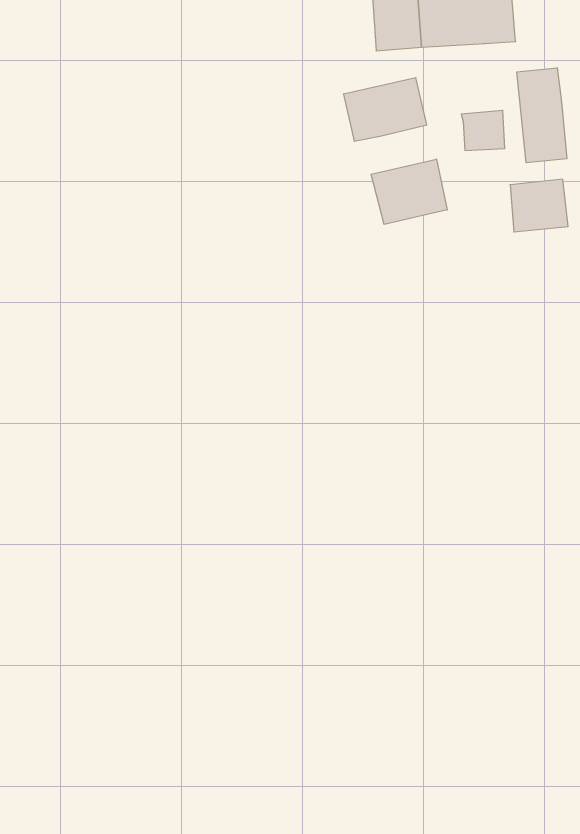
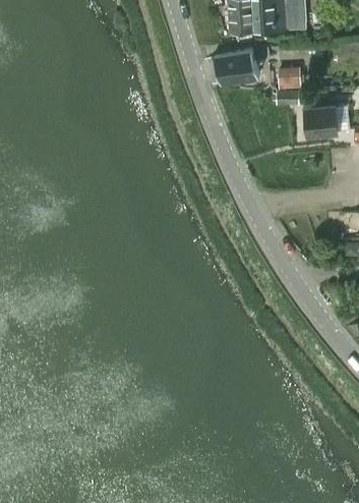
building: [517,68,567,163] -> none
building: [371,159,447,224] -> none

